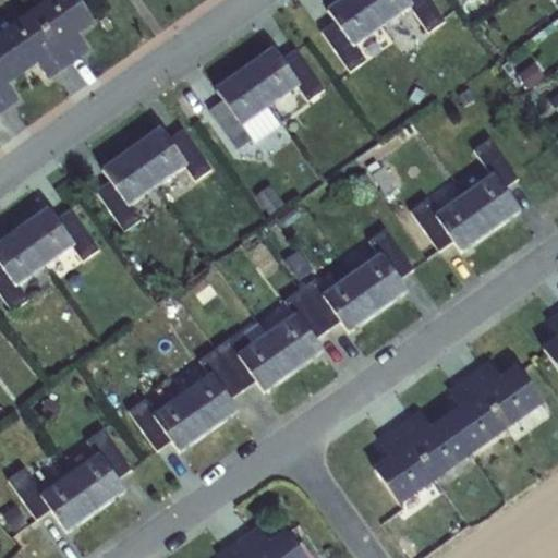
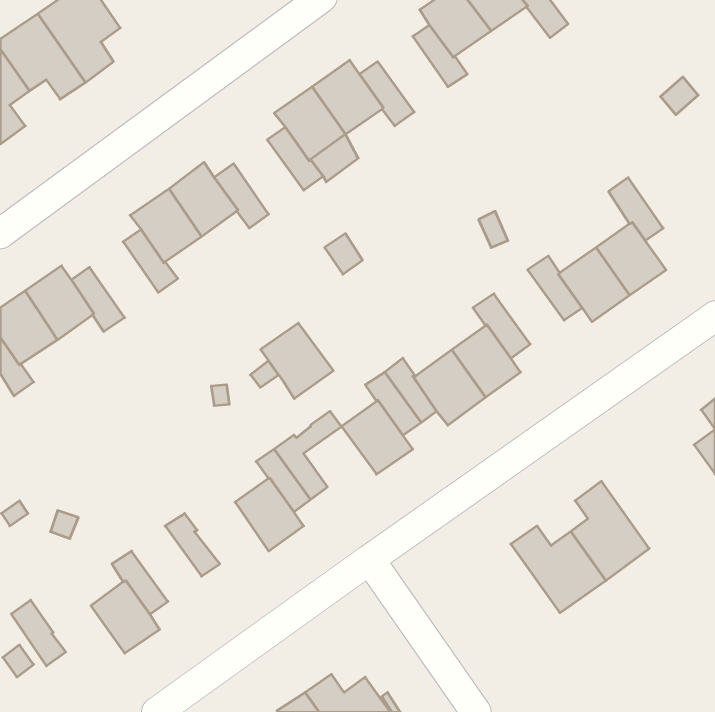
building: [236,332,293,391] -> [261,323,333,399]
building: [469,361,543,427] -> none
building: [151,391,209,451] -> none
building: [372,424,436,504] -> none
building: [40,472,97,531] -> none

